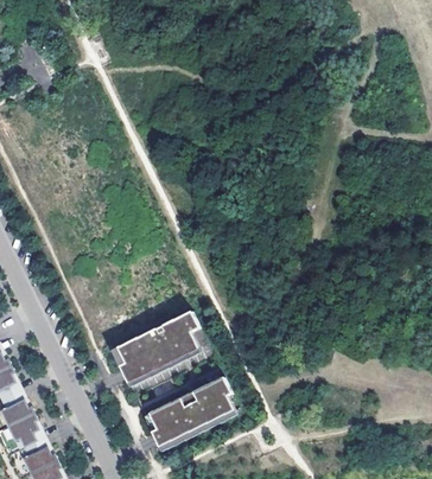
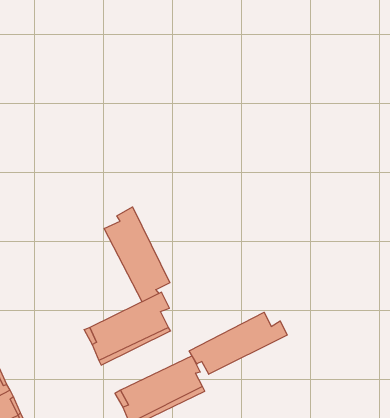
building: none -> [104,207,170,302]
building: none -> [189,312,287,374]

